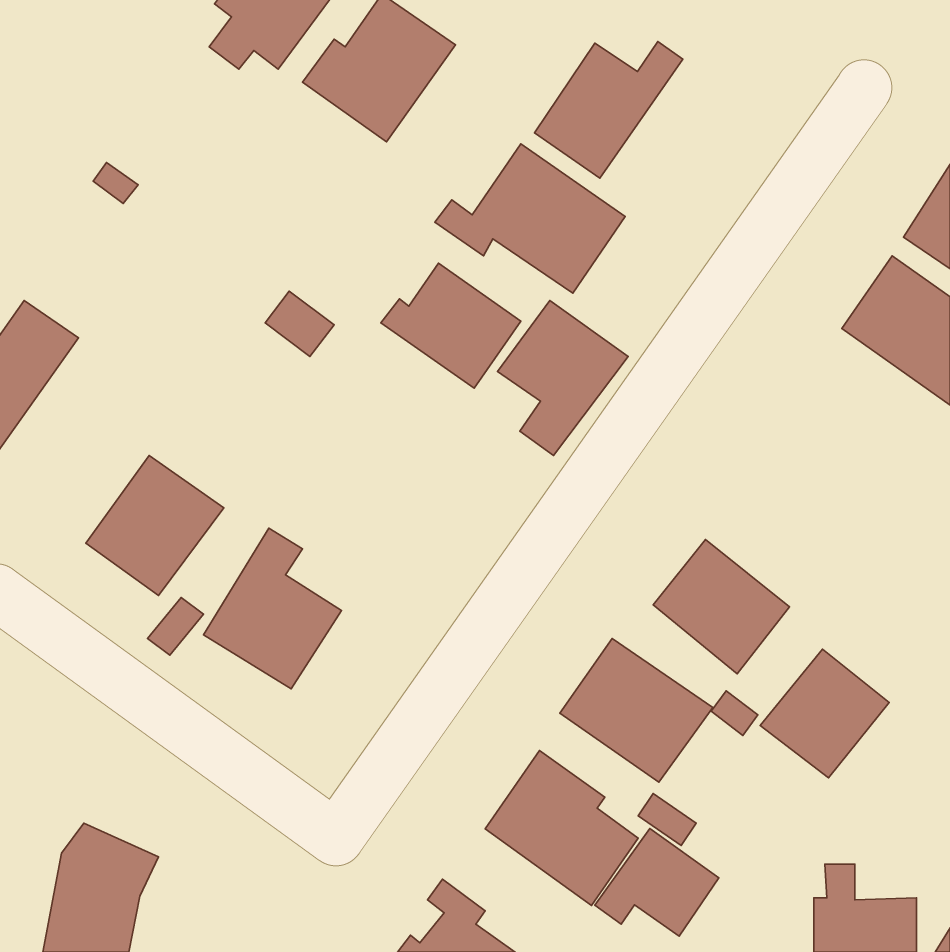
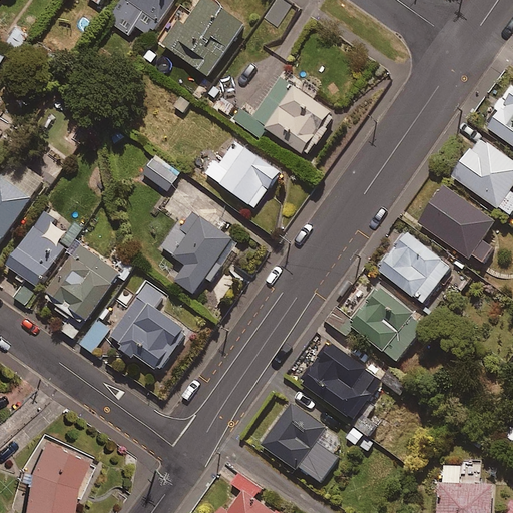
building: [534,42,683,178] -> none
building: [497,301,628,455] -> [162,210,232,294]
building: none -> [419,187,495,266]
building: none -> [6,210,63,287]
building: none -> [377,231,450,304]
building: [760,649,889,778] -> none
building: [595,829,719,936] -> none

